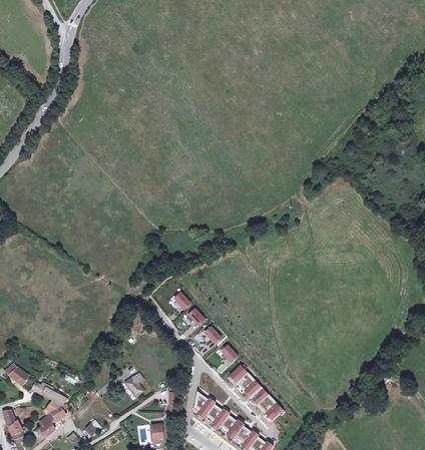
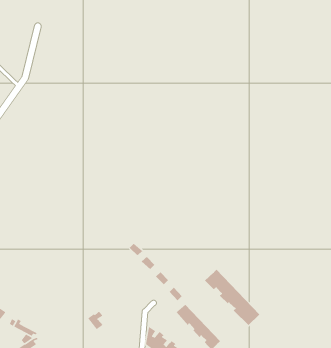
building: none -> [204,269,260,326]

